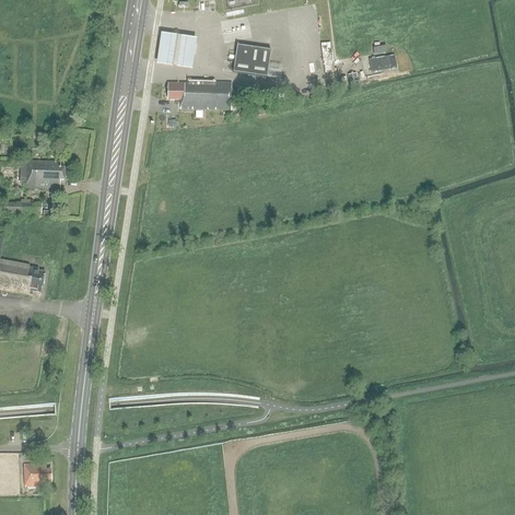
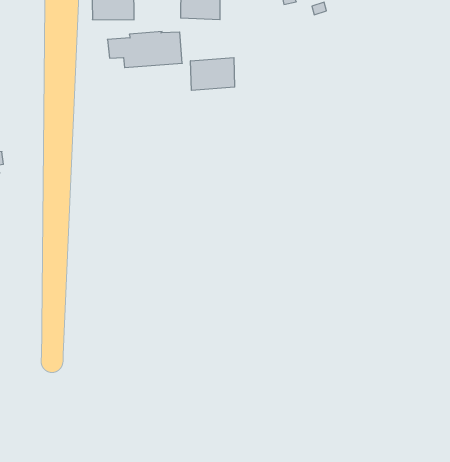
building: none -> [191,58,235,90]

